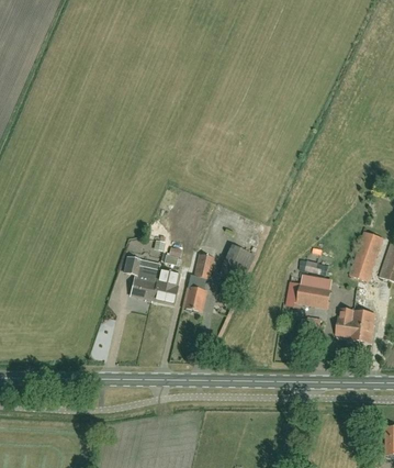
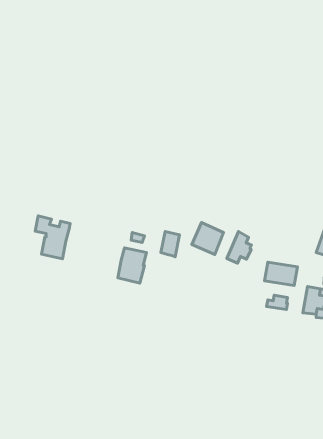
building: none -> [227,232,252,263]
building: [124,256,159,299] -> [35,216,70,259]
building: [182,272,206,310] -> none

